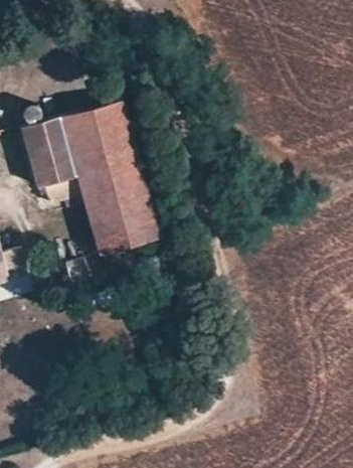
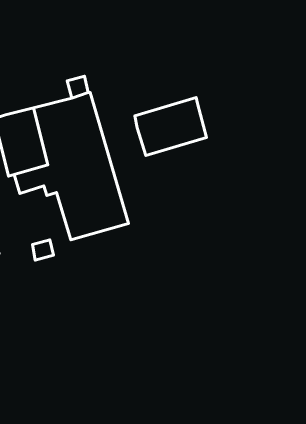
building: none -> [135,98,206,156]

